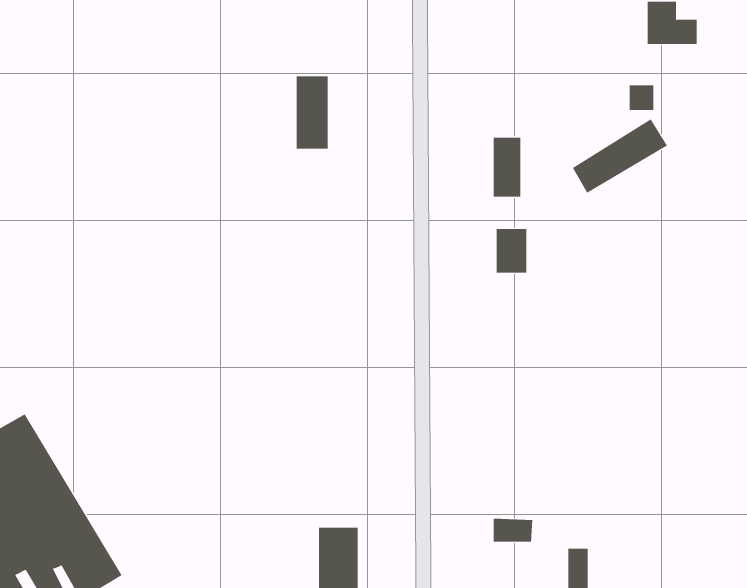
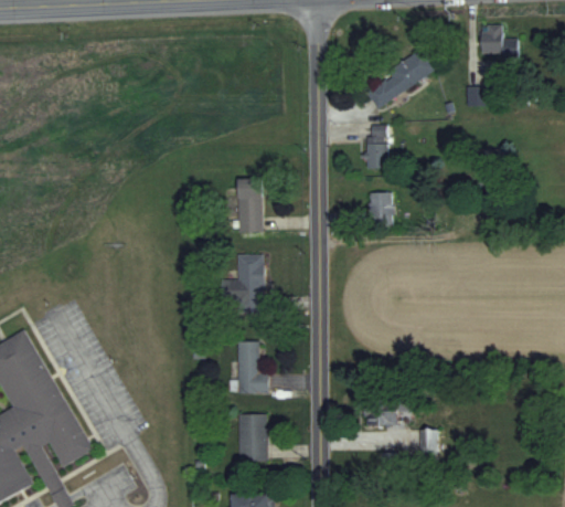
building: [296,76,329,149] -> [237,179,262,233]
building: [572,119,668,193] -> [365,52,436,107]
building: none -> [221,255,264,310]
building: none -> [237,341,268,393]

